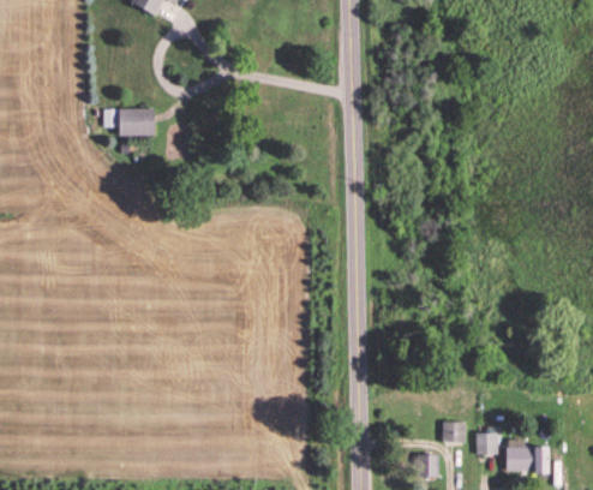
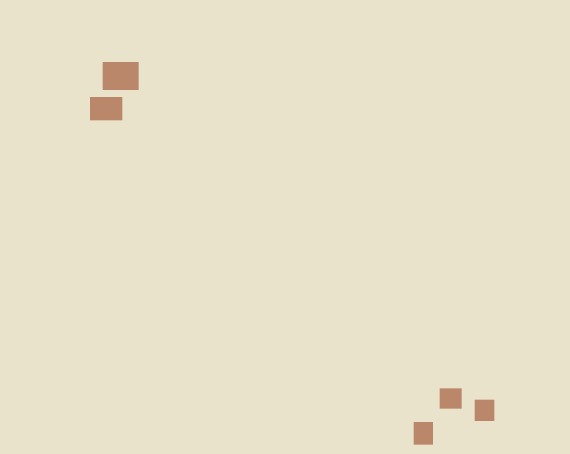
building: none -> [90,96,123,121]
building: [507,441,550,472] -> none

